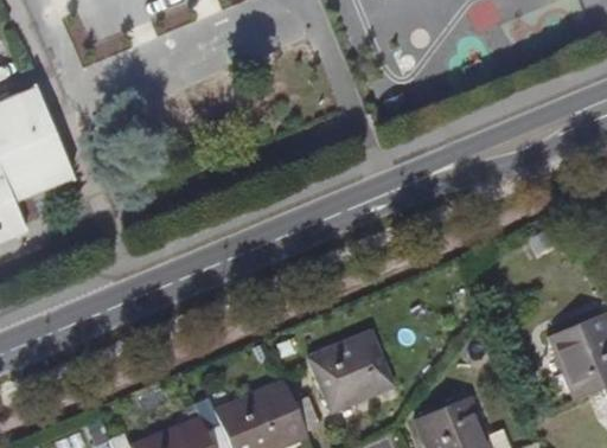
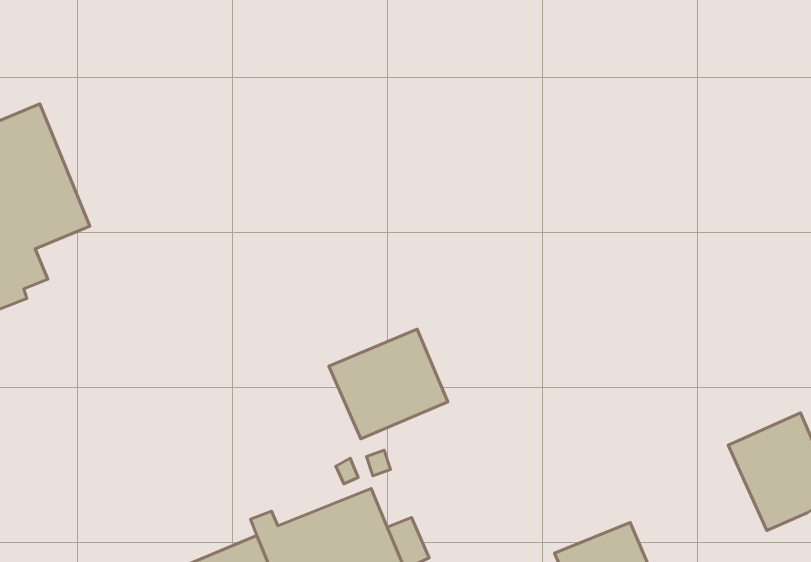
building: [307,331,395,411] -> [329,329,448,439]

